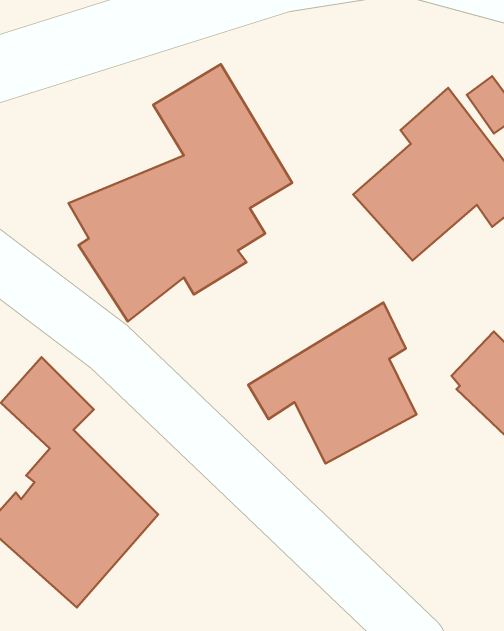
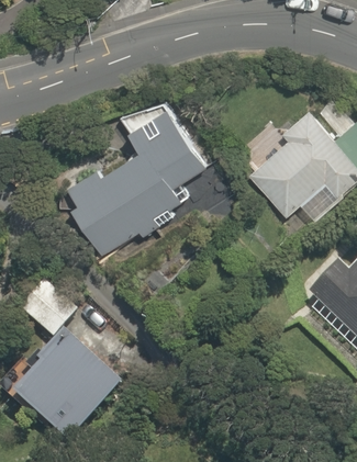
building: [248,302,416,463] -> none

